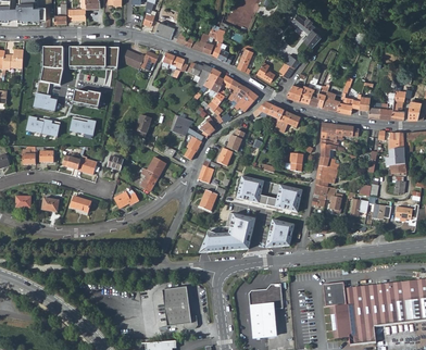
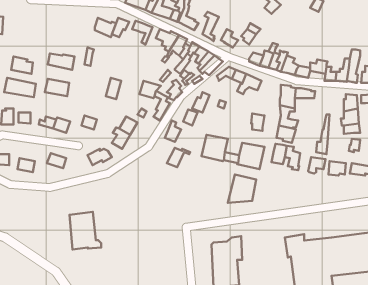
building: [40,45,62,83] -> none
building: [68,45,117,65] -> none
building: [199,211,255,251] -> none
building: [161,286,195,326] -> [70,212,101,249]

